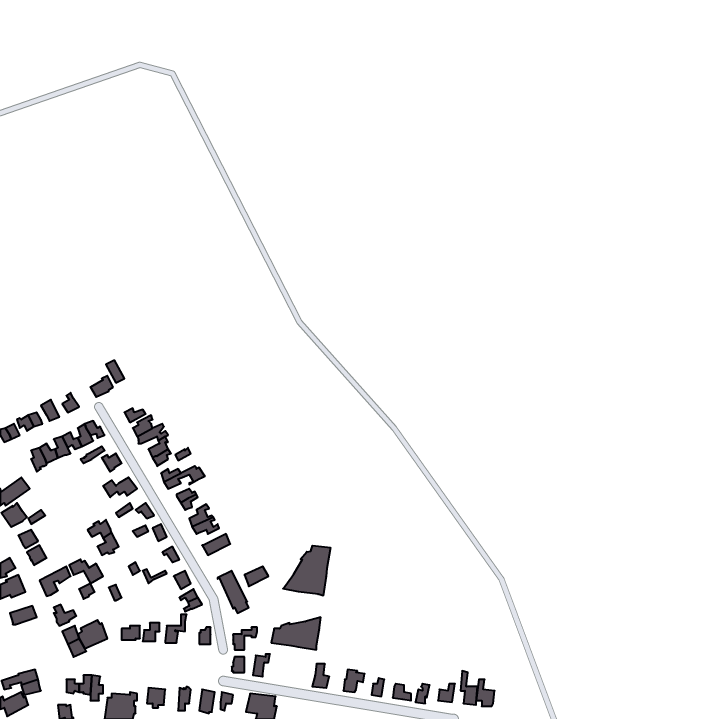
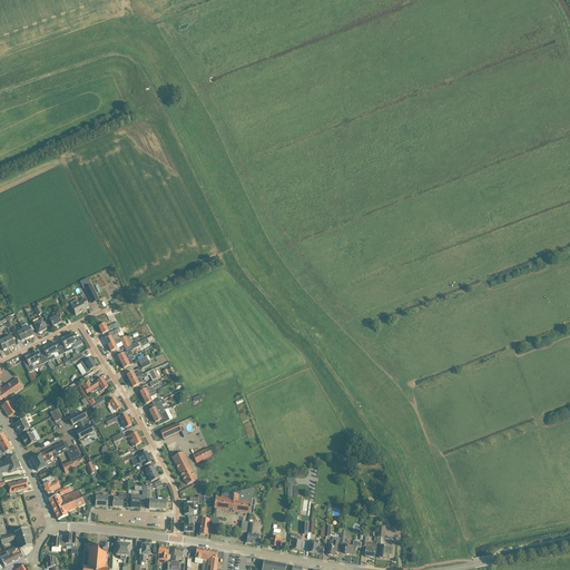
building: [283,546,330,596] -> none

